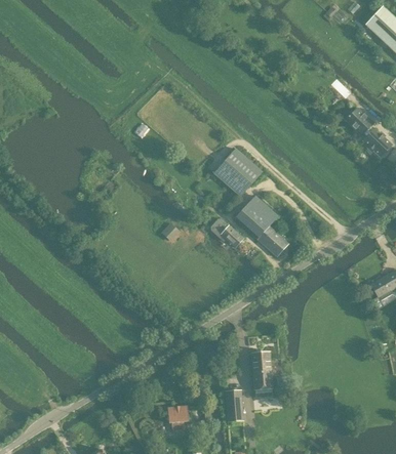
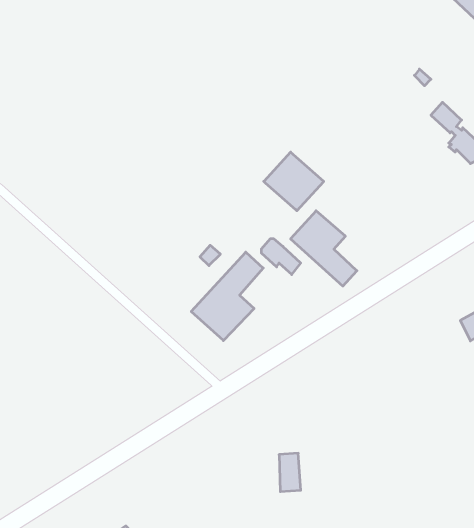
building: none -> [191,252,263,341]
building: [251,353,273,388] -> none
building: [167,408,187,431] -> none

